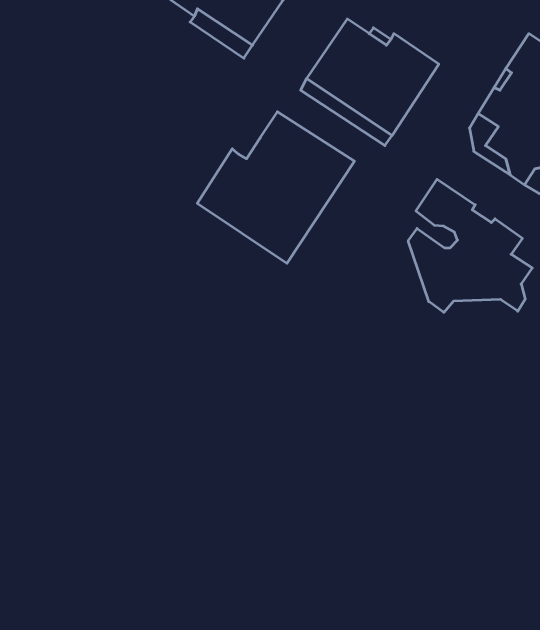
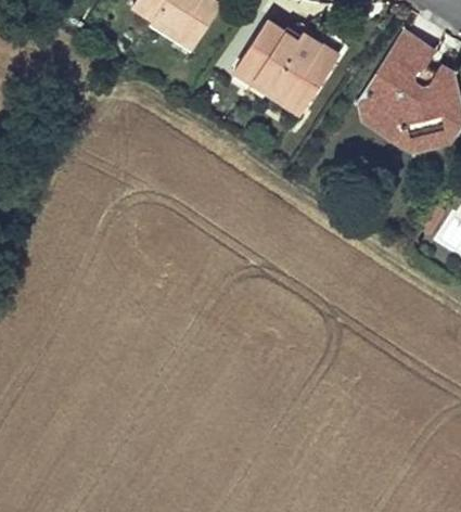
building: [197,112,354,263] -> none
building: [408,179,532,312] -> none

